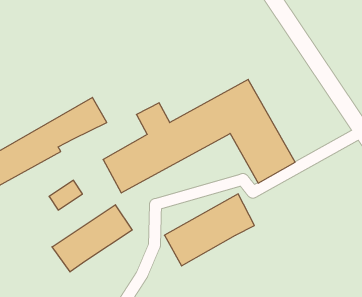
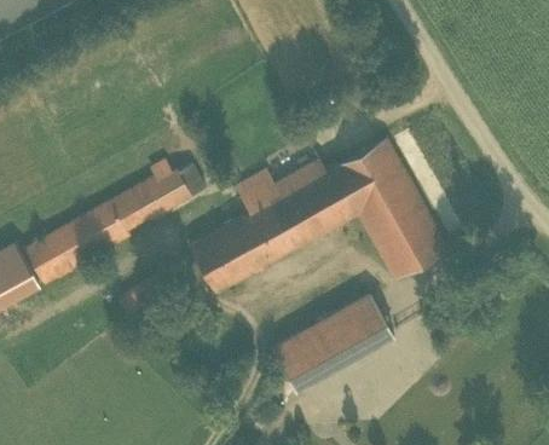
building: [52,205,132,272] -> none

